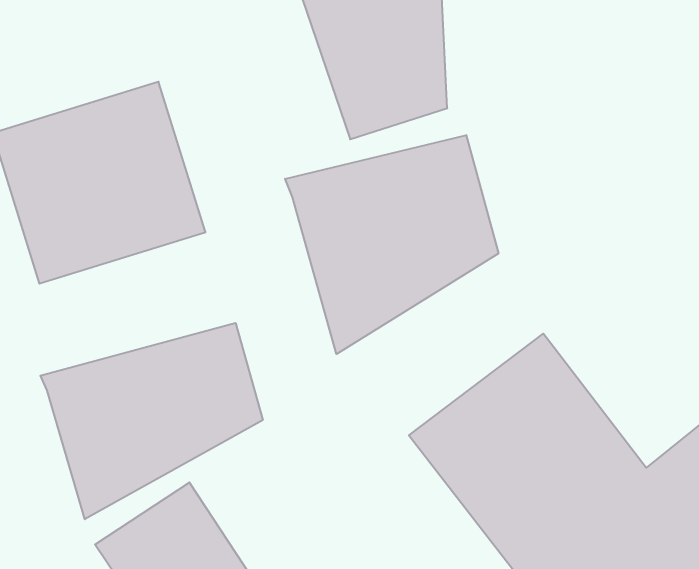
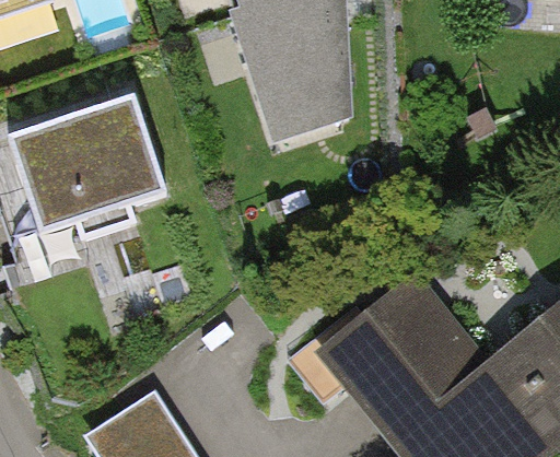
building: [285,135,498,354] -> none
building: [40,323,263,519] -> none

